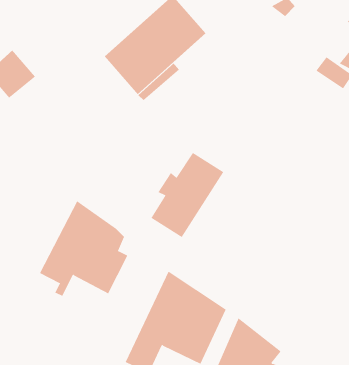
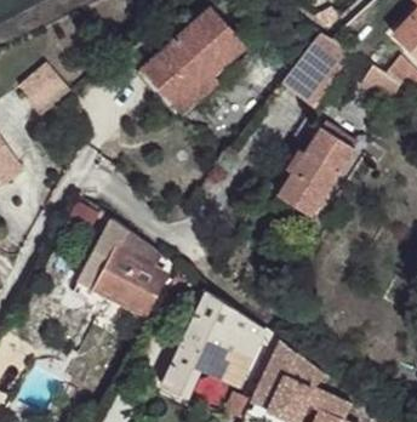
building: none -> [281,32,350,108]
building: [150,152,224,238] -> [278,127,354,216]

